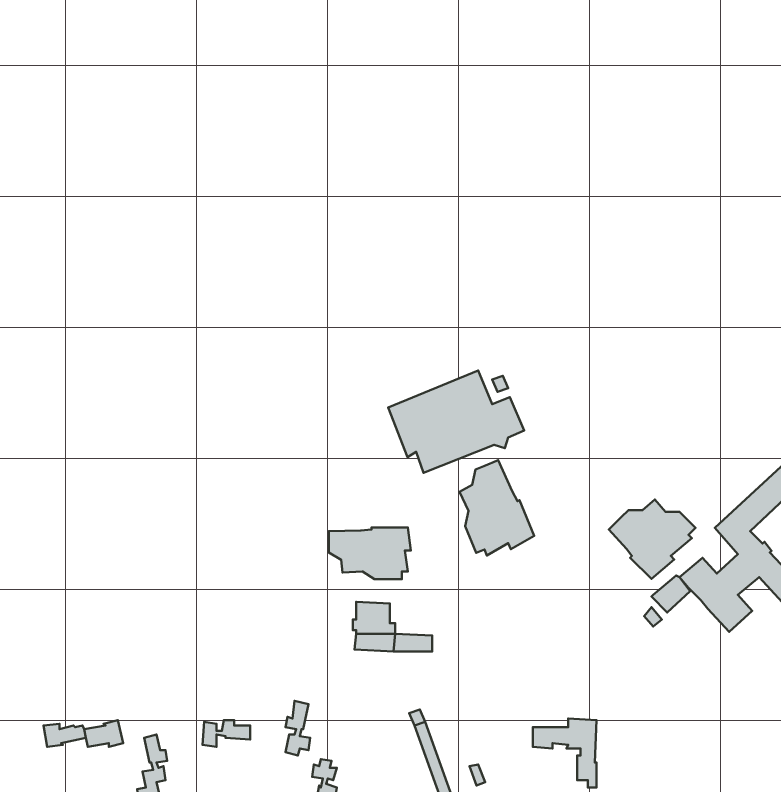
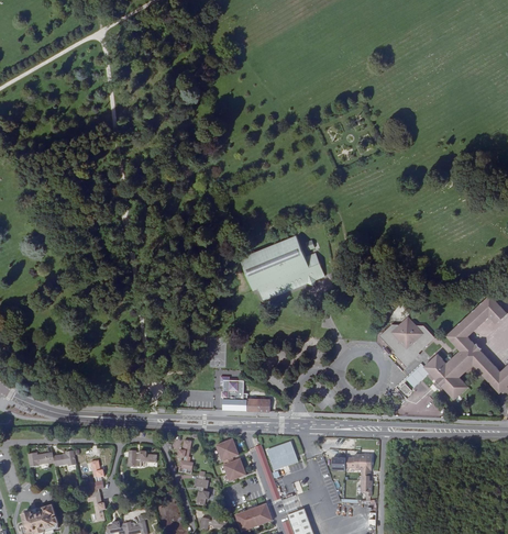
building: [459,460,534,555] -> none
building: [329,527,411,579] -> none
building: none -> [266,440,297,468]
building: none -> [217,442,246,485]

